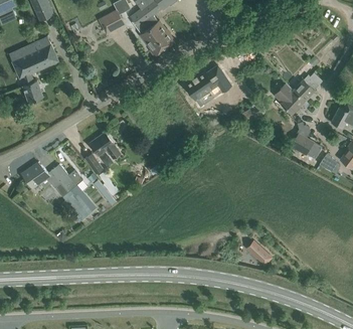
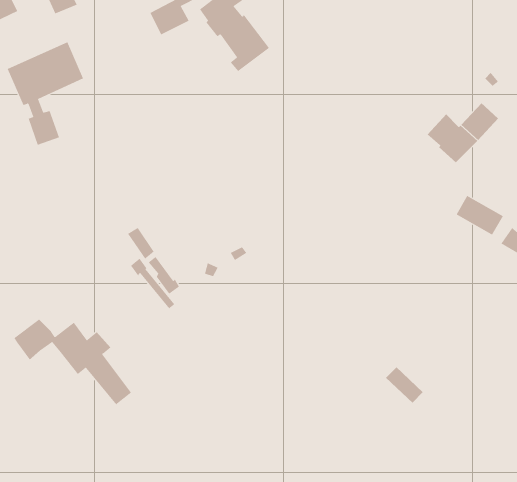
building: [184,68,230,102] -> none
building: [89,134,120,161] -> none
building: [21,164,96,218] -> [13,319,132,405]

